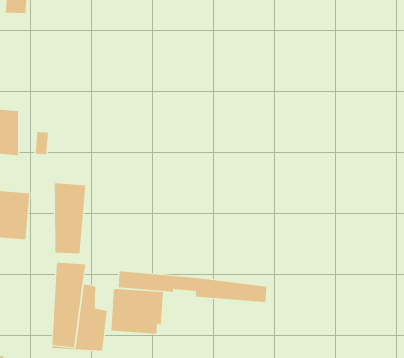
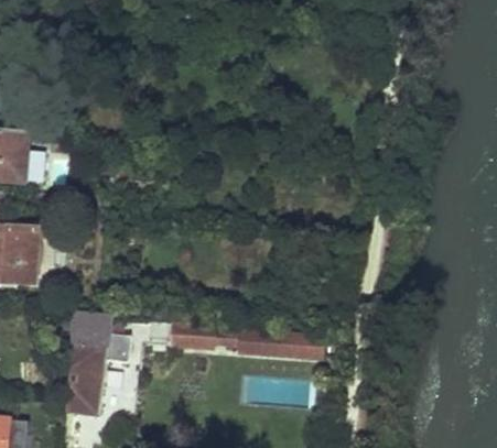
building: [54,182,86,254] -> none
building: [111,288,164,335] -> none

